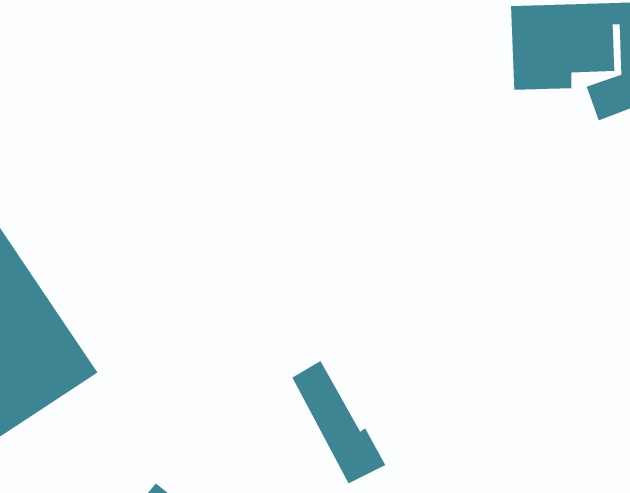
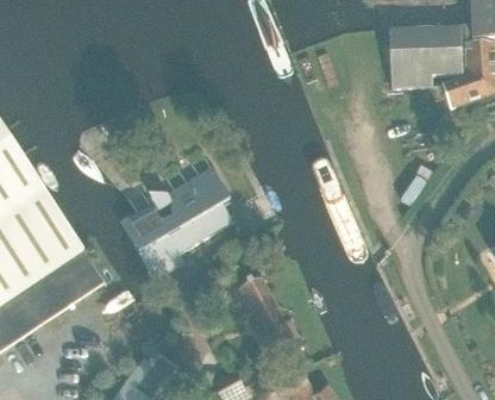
building: none -> [121,165,234,274]

